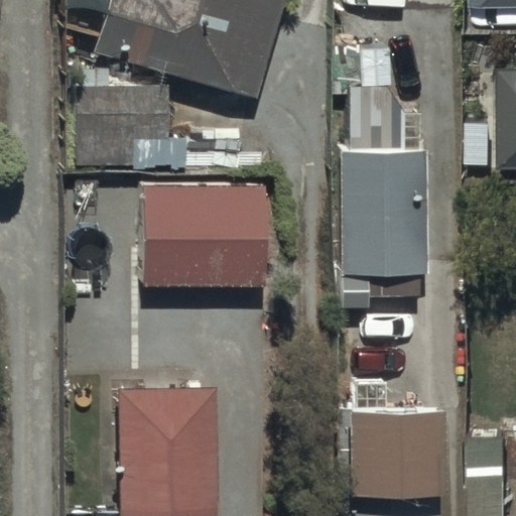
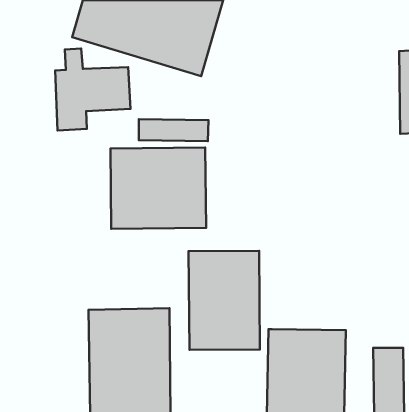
building: [332,33,426,273] -> none
building: none -> [189,251,260,350]

